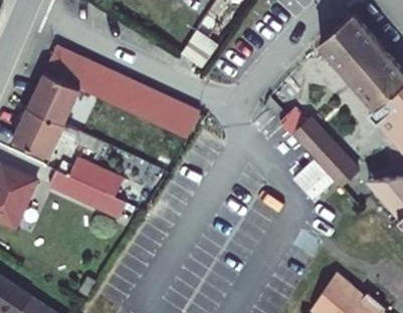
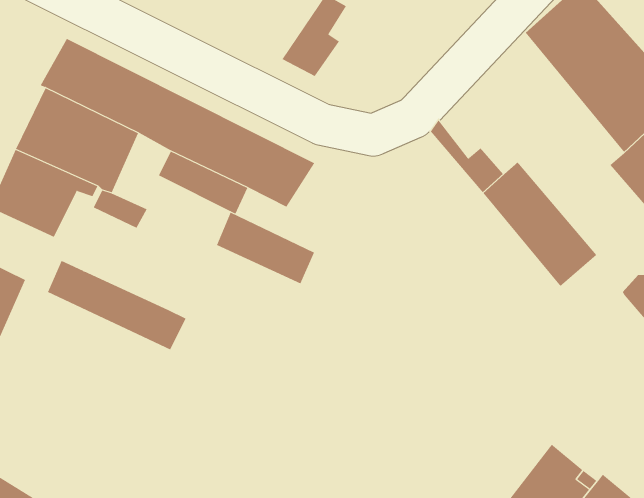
building: [66,153,123,195] -> [216,212,315,284]

